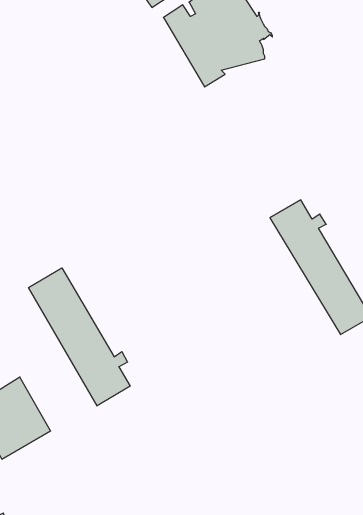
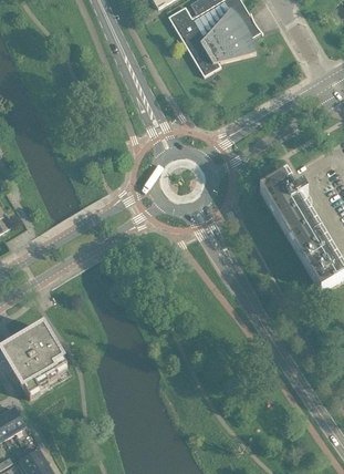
building: [29,268,130,406] -> none

